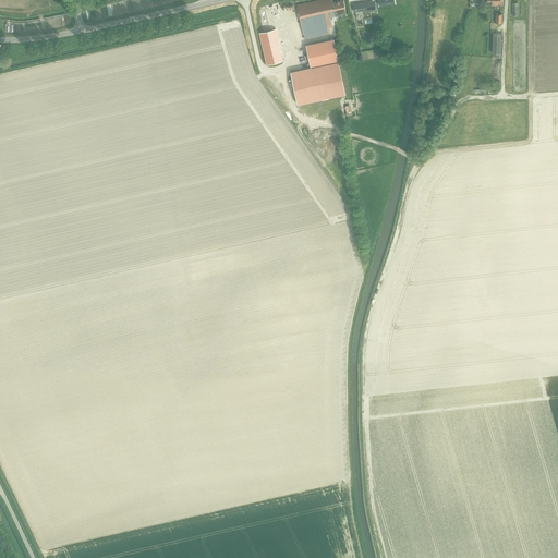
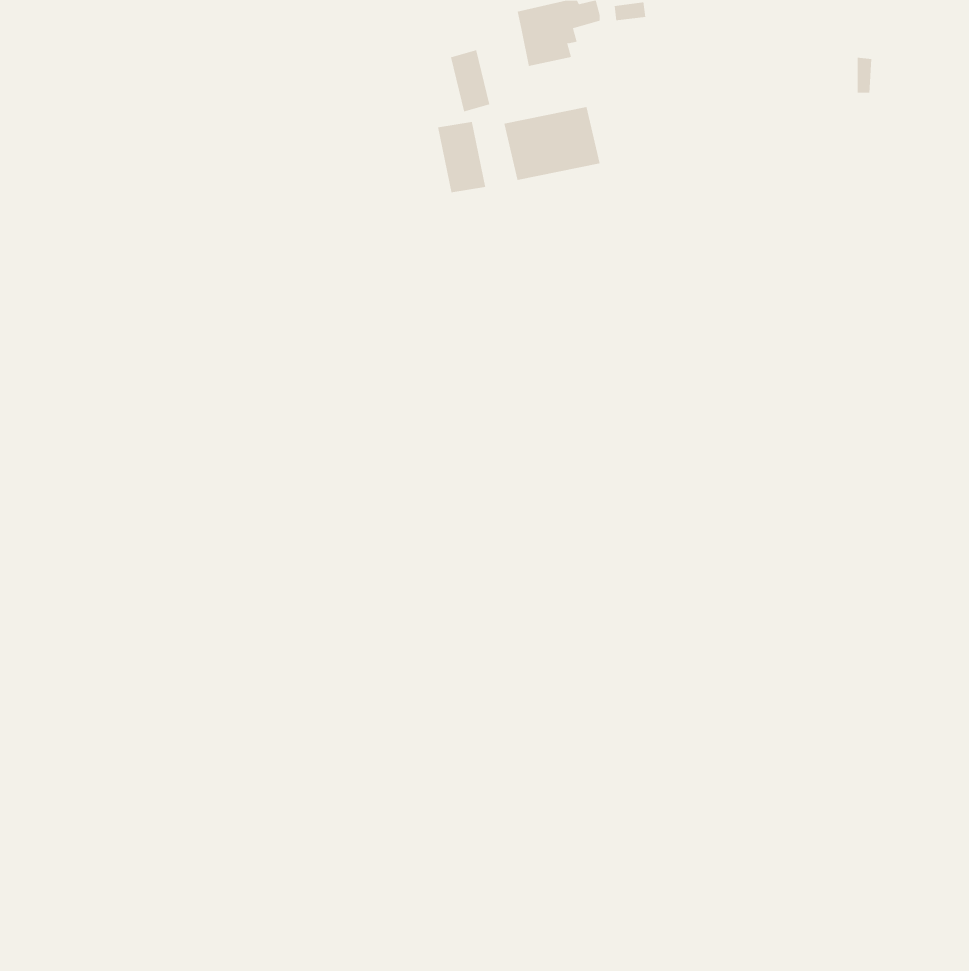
building: [304,38,337,65] -> none
building: none -> [437,121,486,193]

